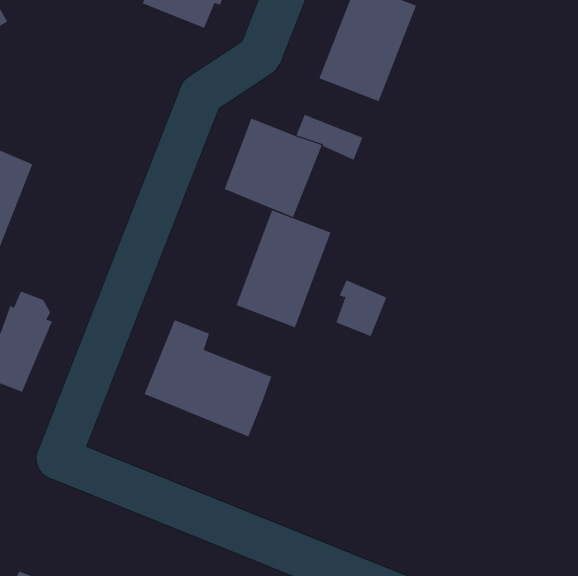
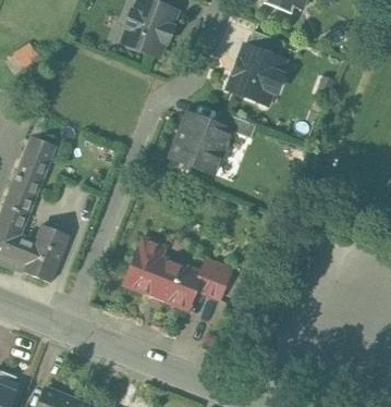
building: [236,209,331,328] -> none
building: [335,280,387,337] -> [195,261,227,296]

